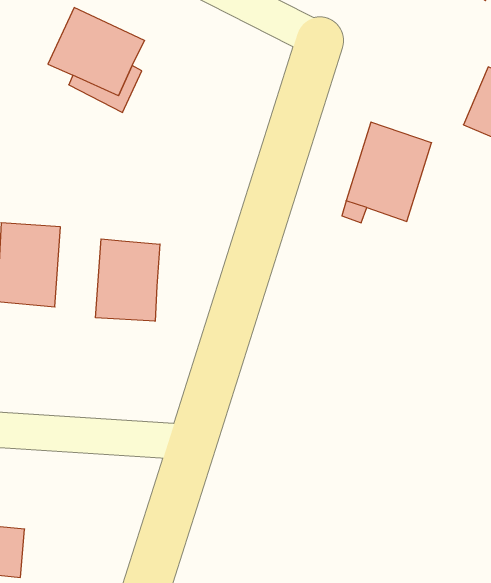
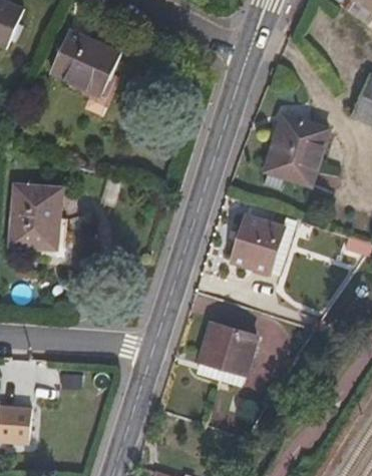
building: [96,239,160,321] -> none
building: none -> [232,214,298,276]
building: none -> [197,323,257,384]

